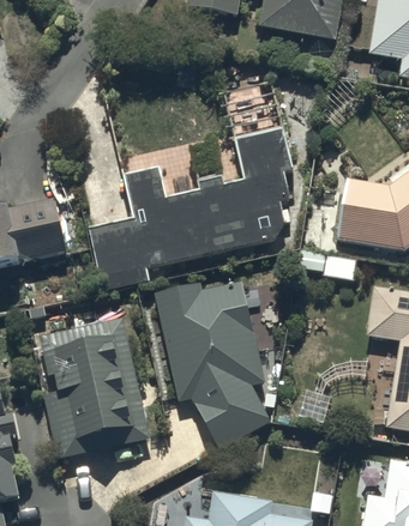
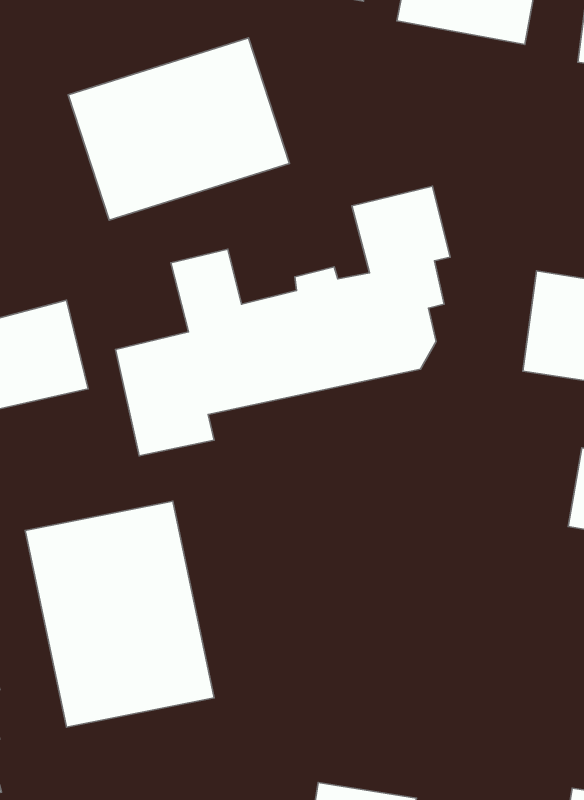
building: none -> [68,38,290,220]
building: [154,280,275,451] -> none

